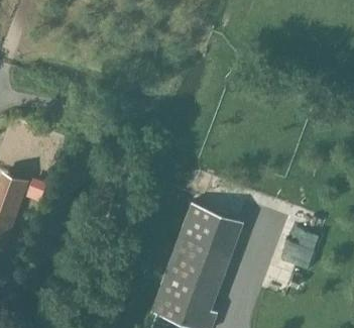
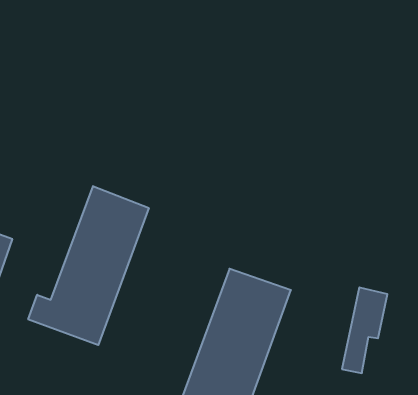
building: none -> [28,186,149,345]

